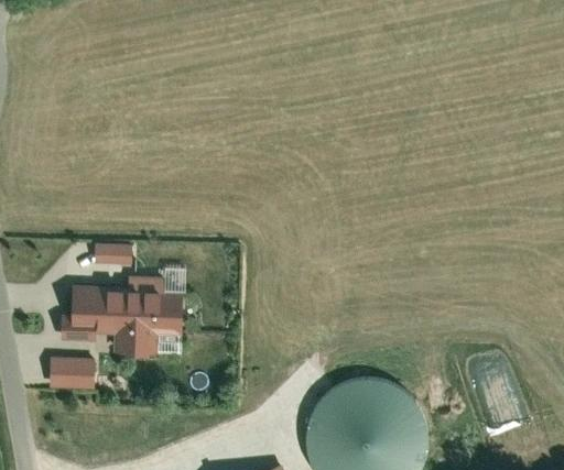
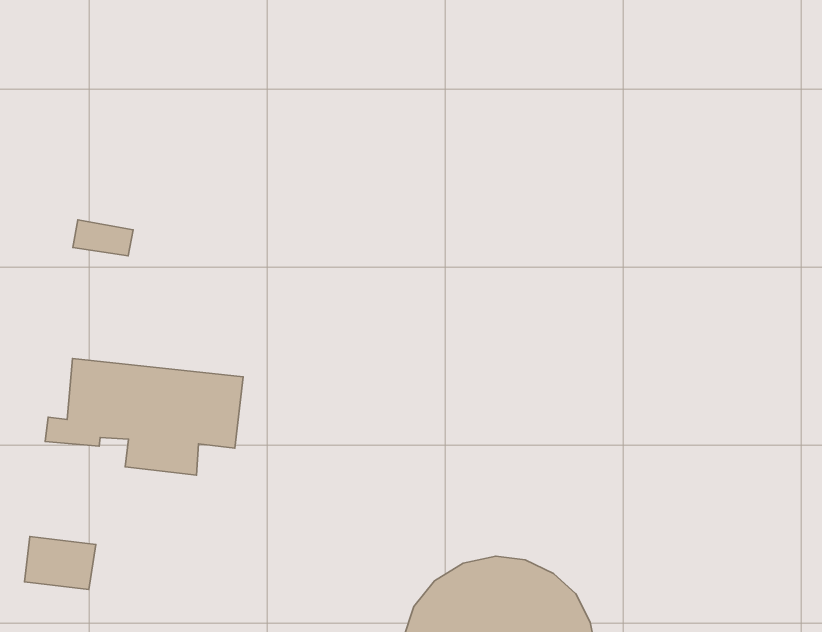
building: [97,241,133,260] -> [73,220,133,256]
building: [52,358,94,386] -> [25,537,96,589]

